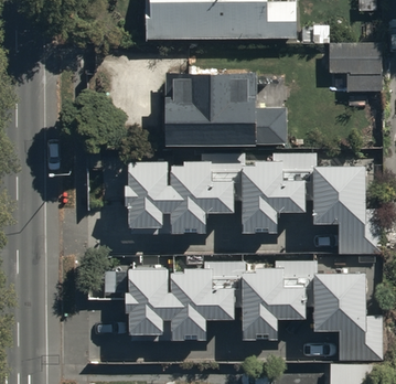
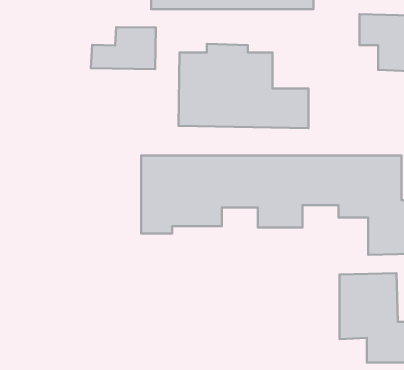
building: none -> [91,27,156,69]
building: [240,257,315,339] -> none
building: [125,267,236,339] -> none

